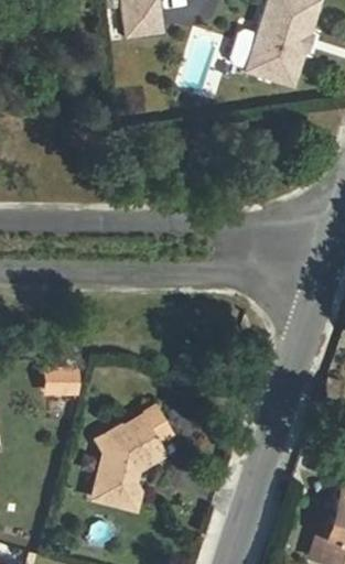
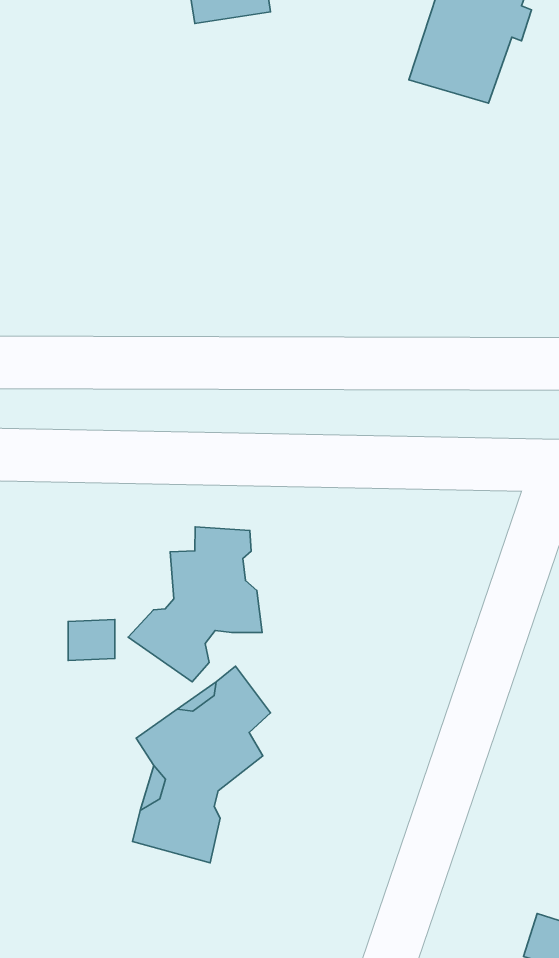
building: none -> [128,527,262,682]

